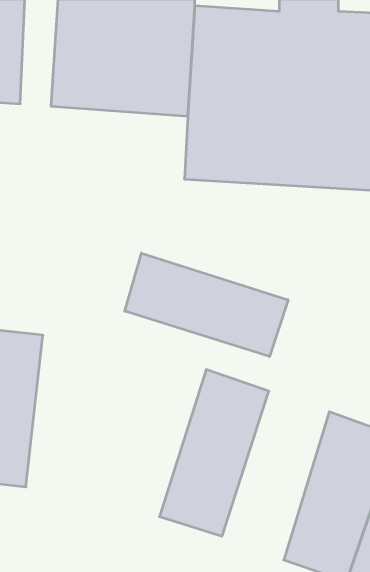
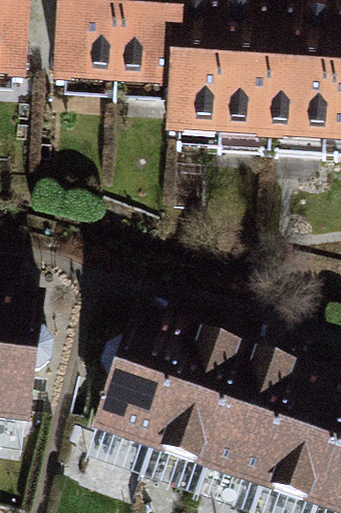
building: [125,253,288,357] -> none
building: none -> [90,309,188,455]
building: none -> [202,345,296,493]

